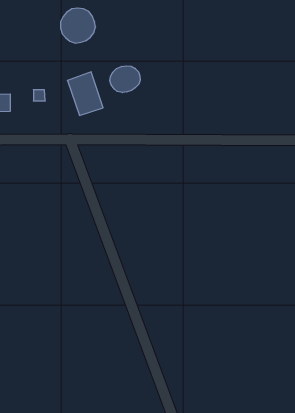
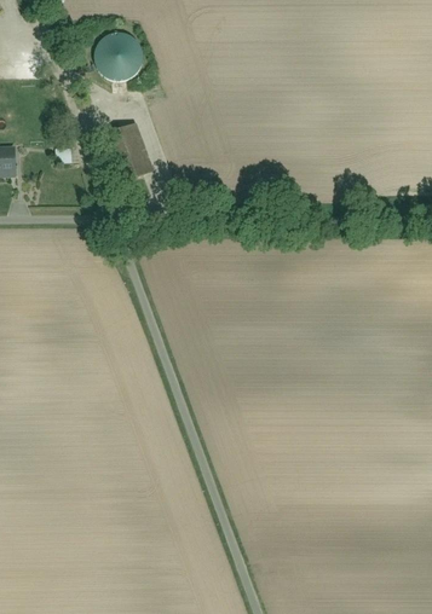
building: [110,66,140,93] -> none

